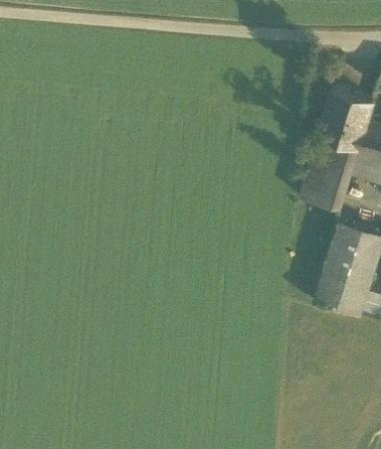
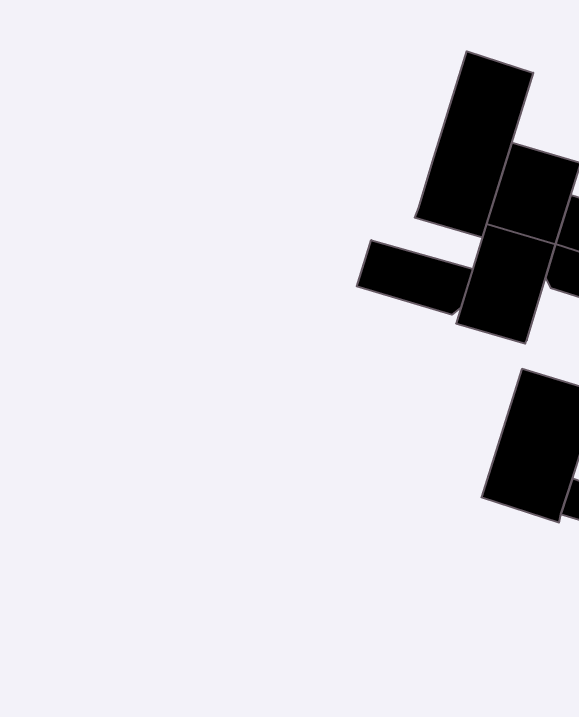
building: none -> [415,51,533,237]
building: none -> [357,240,473,315]

